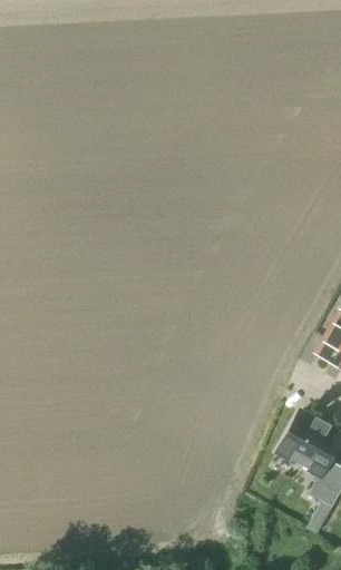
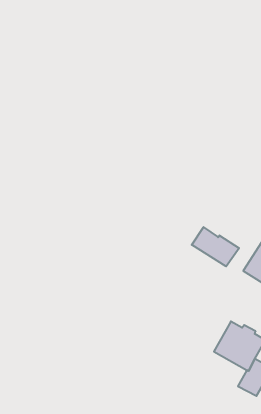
building: none -> [192,227,239,266]

